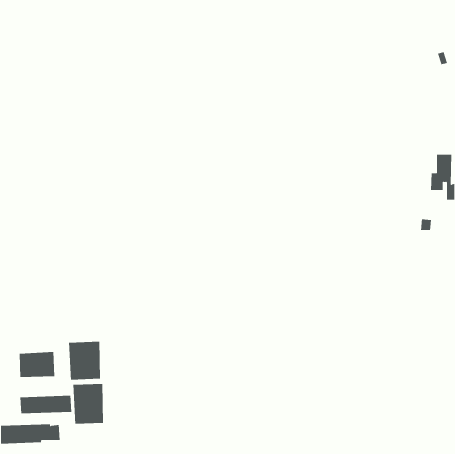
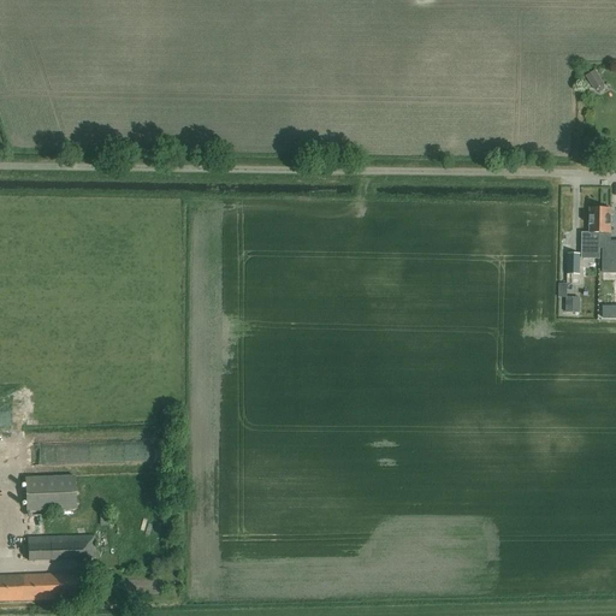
building: [69,341,101,380] -> none
building: [73,383,104,424] -> none

